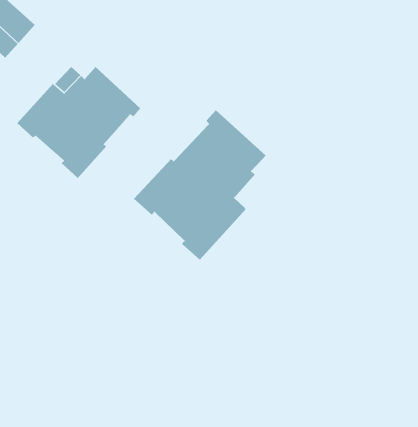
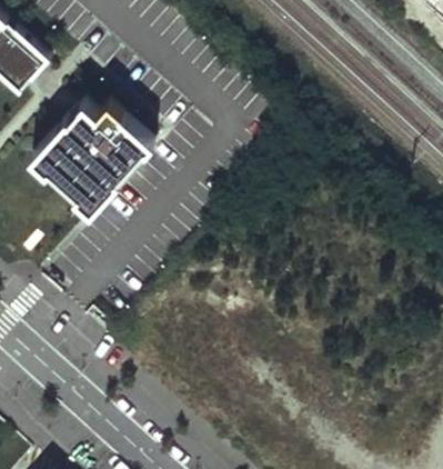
building: [133,110,266,260] -> none

